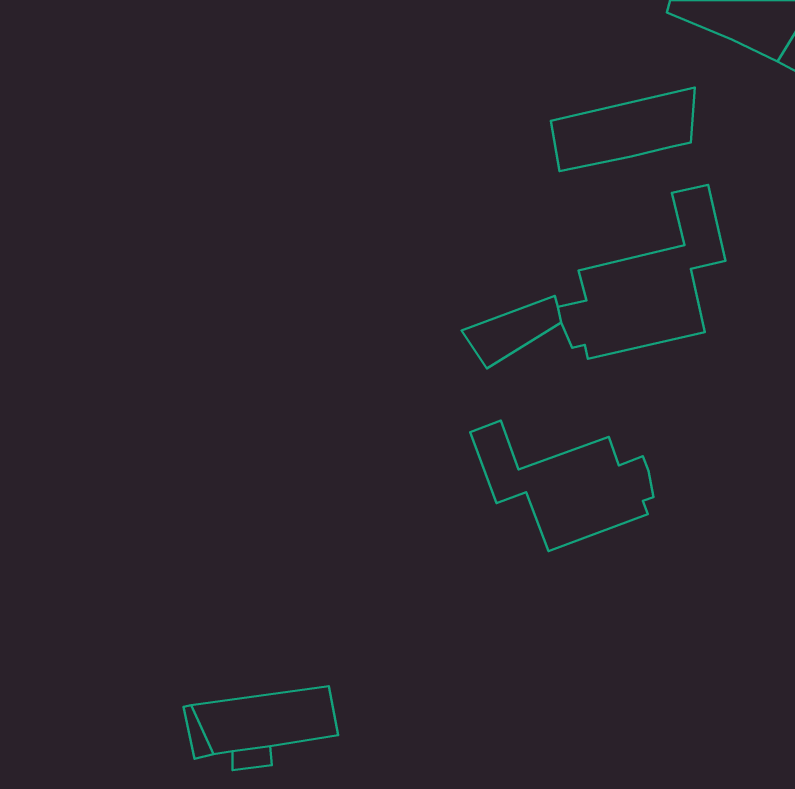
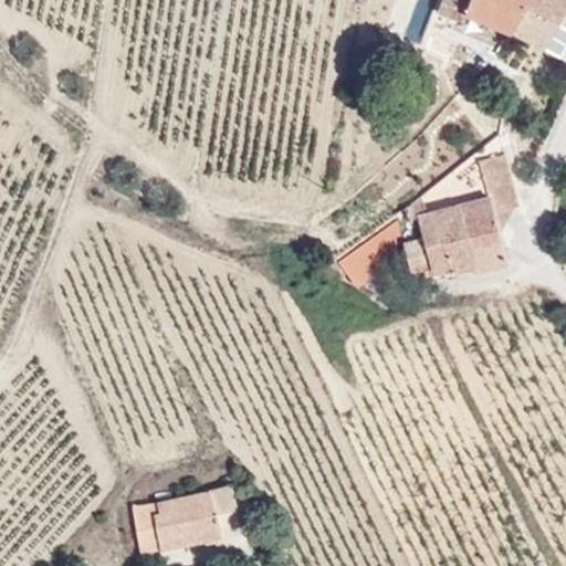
building: [551,87,695,171] -> none
building: [470,420,654,551] -> none

